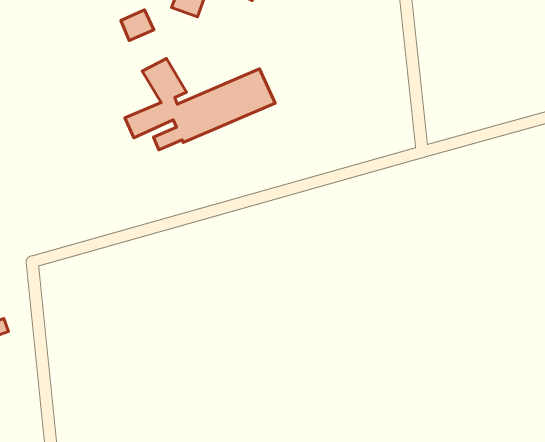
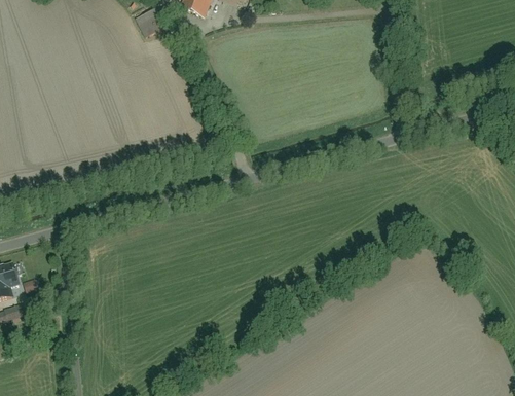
building: [125,58,275,150] -> none

